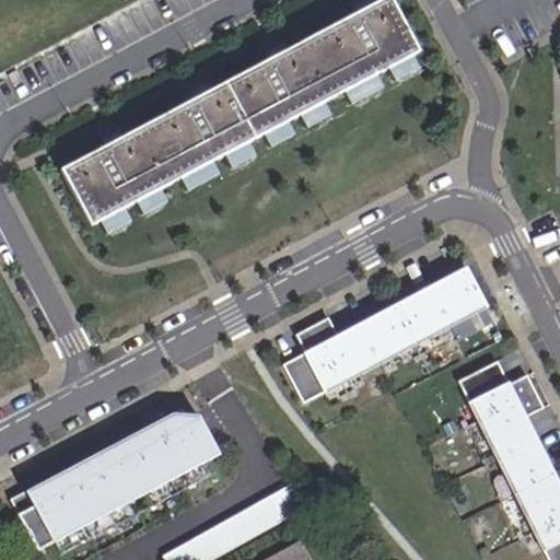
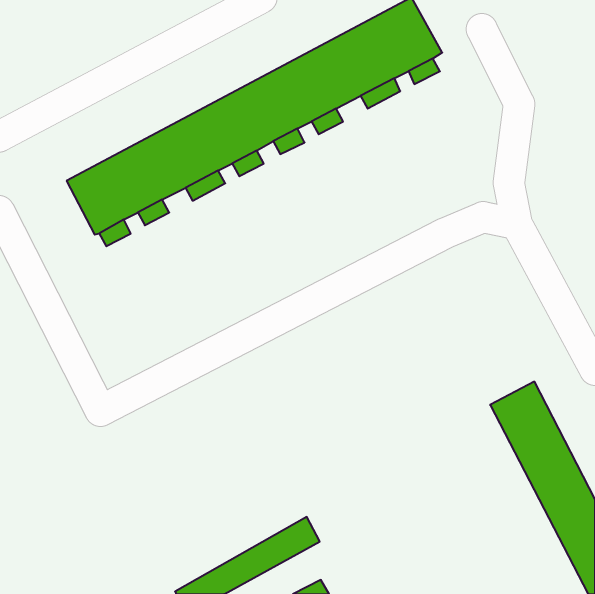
building: [285,264,491,401] -> none
building: [12,399,220,546] -> none

